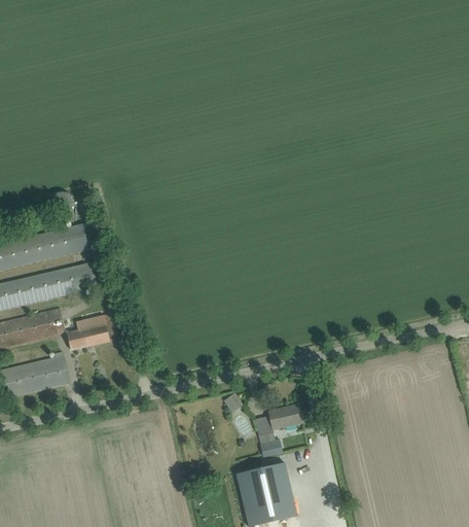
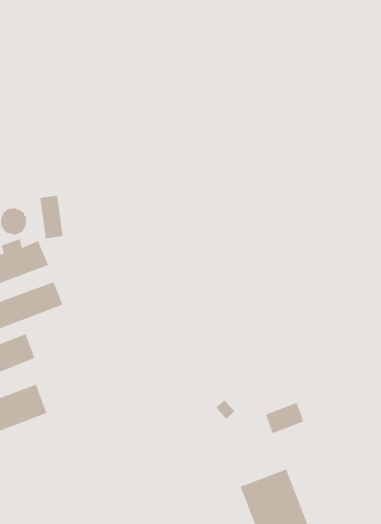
building: none -> [40,195,63,239]
building: [67,313,119,350] -> none
building: [257,431,282,457] -> none

